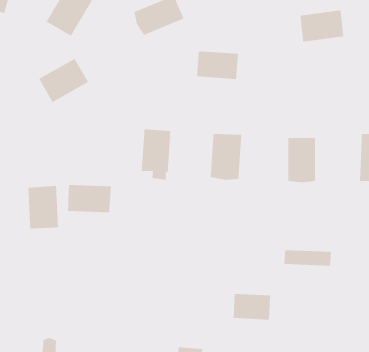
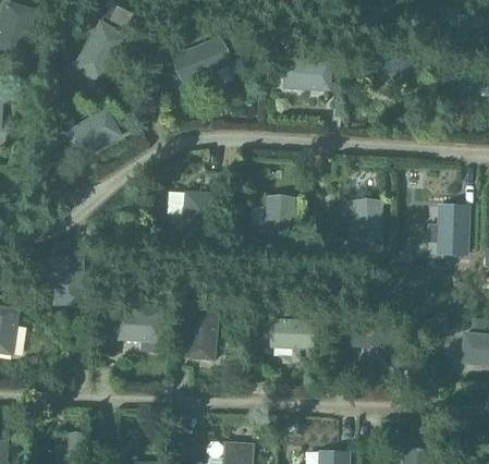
building: [196,50,239,80] -> [282,57,331,90]
building: [67,184,112,213] -> [112,308,163,342]
building: none -> [182,310,217,359]
building: [233,293,271,320] -> [269,317,313,349]

